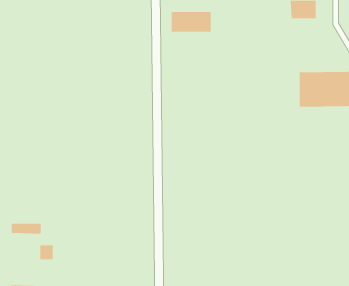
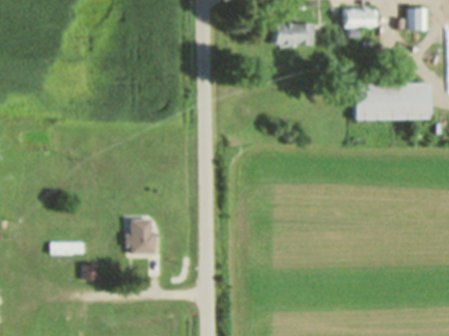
building: [171,11,212,32] -> [272,23,314,45]
building: none -> [125,219,155,254]

